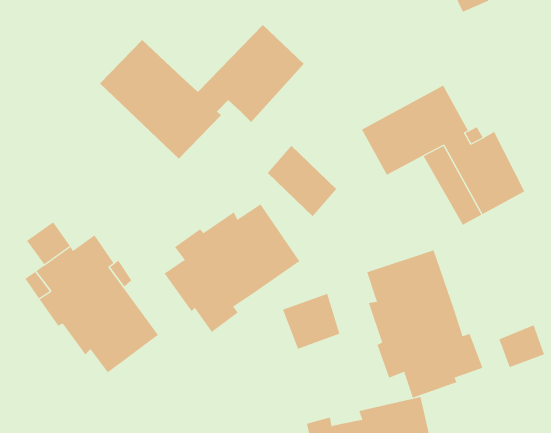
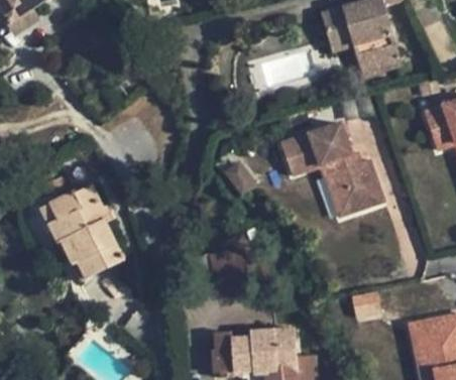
building: [99,24,305,159] -> none
building: [164,203,300,333] -> none
building: [367,249,483,399] -> none

